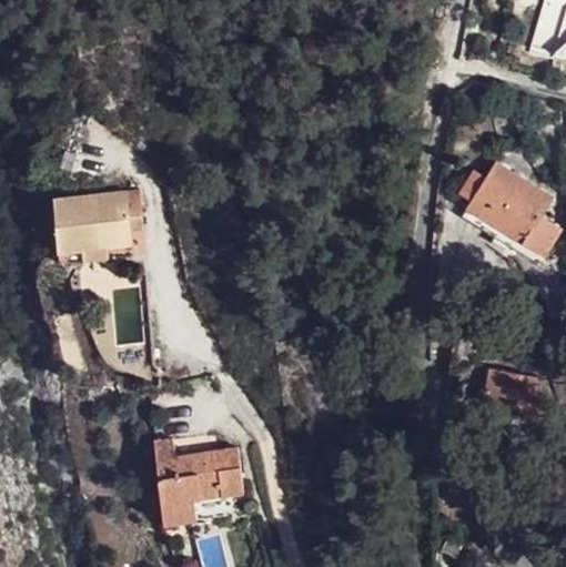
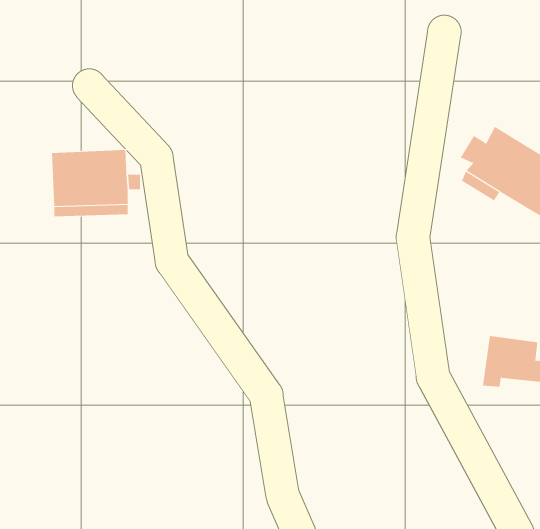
building: [154,441,246,522] -> none

